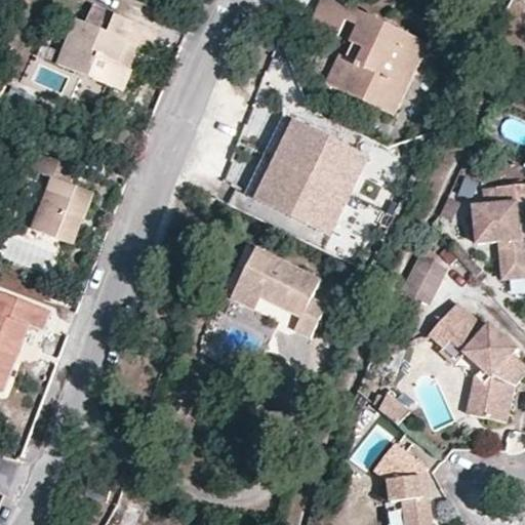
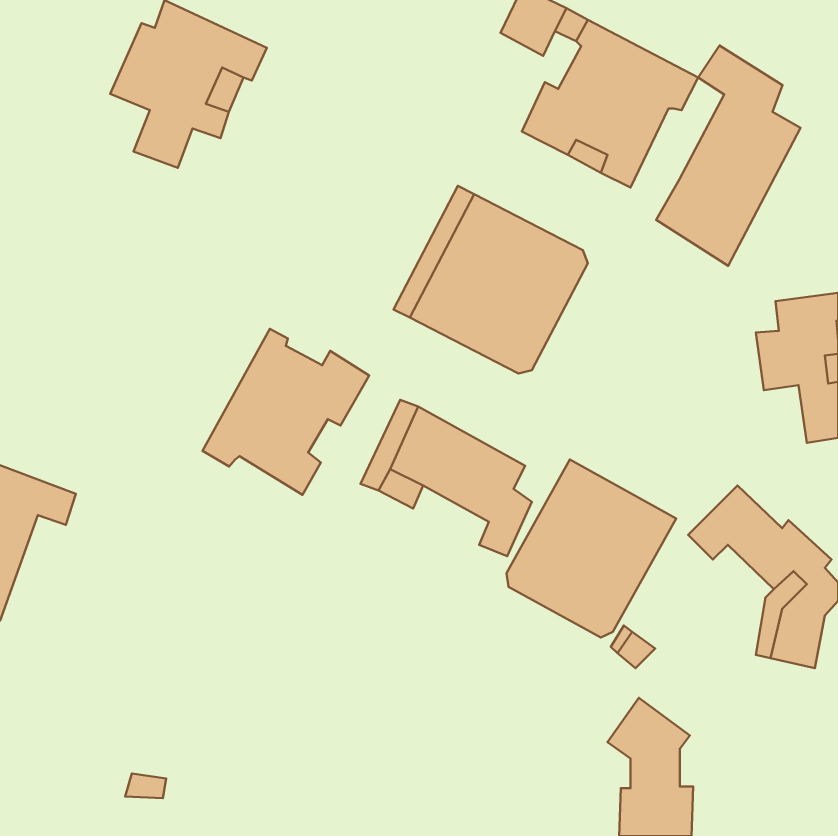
building: none -> [656,45,800,266]
building: [30,149,89,240] -> none
building: none -> [202,329,369,495]
building: [402,253,448,302] -> none
building: none -> [507,460,676,637]

